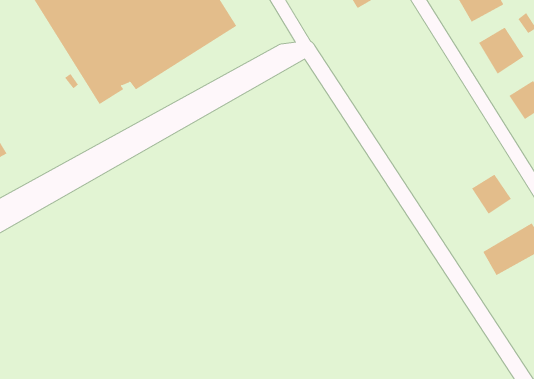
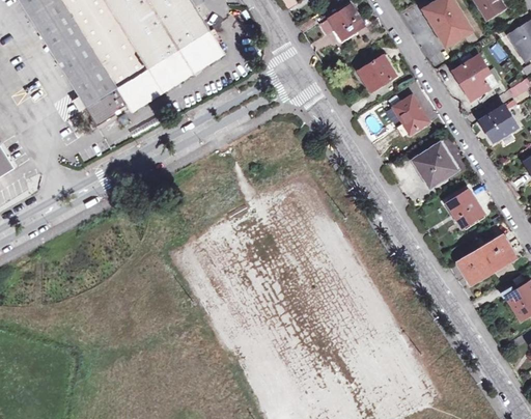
building: none -> [356,56,394,91]
building: none -> [392,95,425,133]
building: none -> [414,142,455,186]

